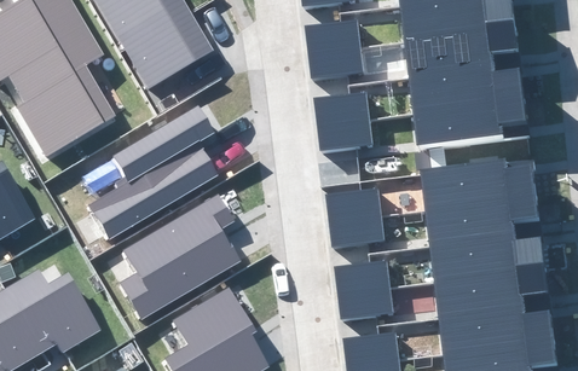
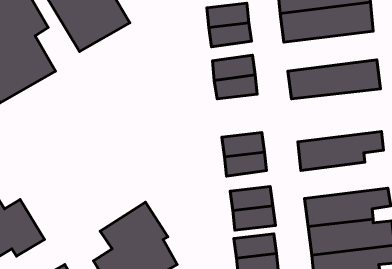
building: [409,62,530,114] -> none
building: [86,104,219,237] -> none
building: [422,160,536,205] -> none
building: [117,191,239,319] -> none
building: [430,232,544,279] -> none

